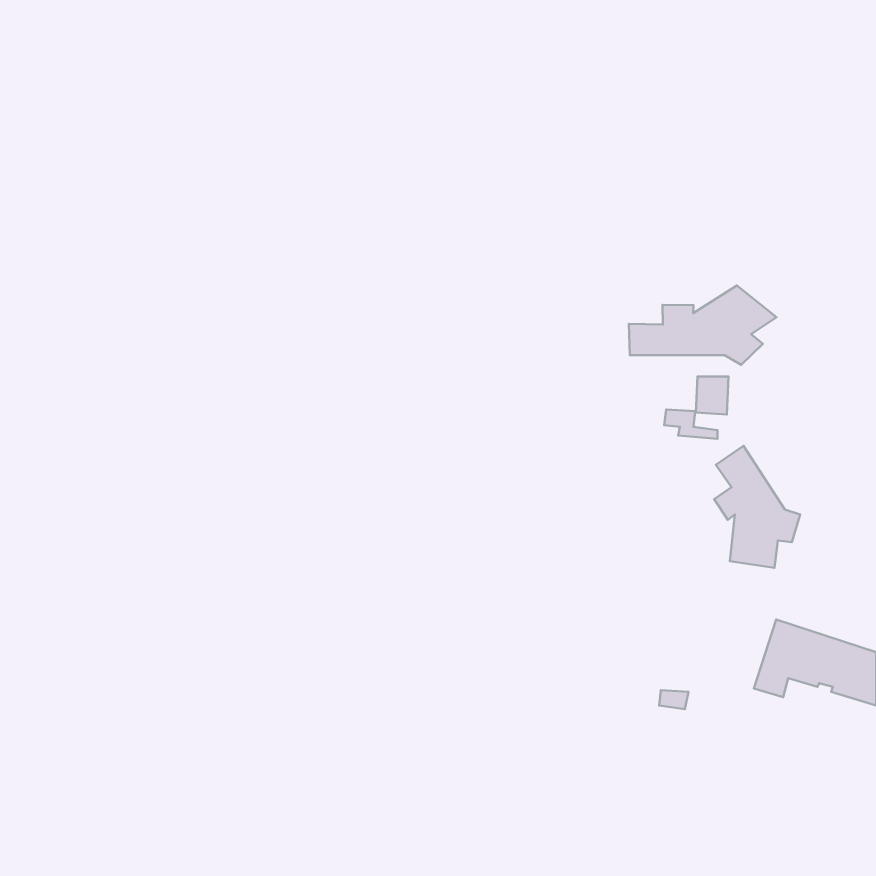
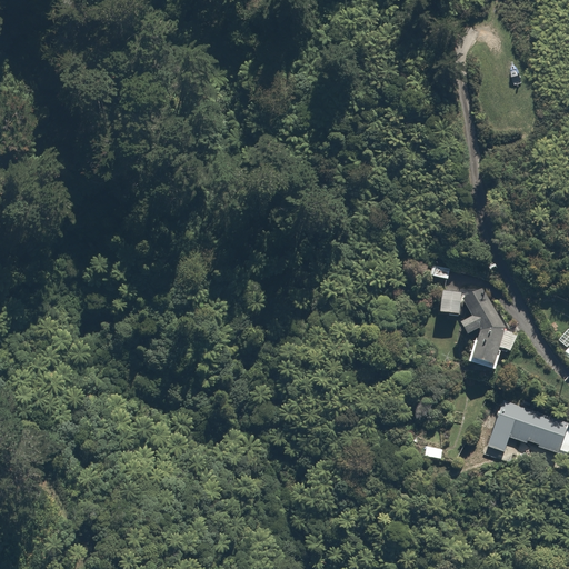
building: [629,286,777,365] -> none
building: [696,376,728,414] -> [441,290,462,315]

